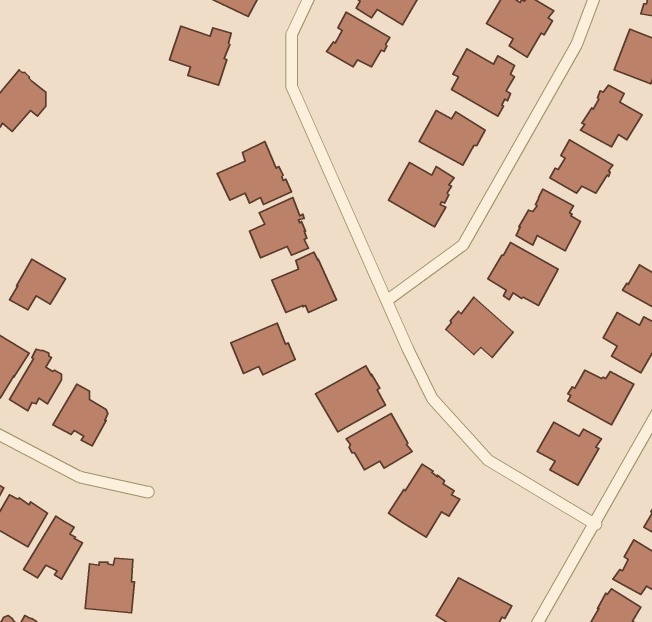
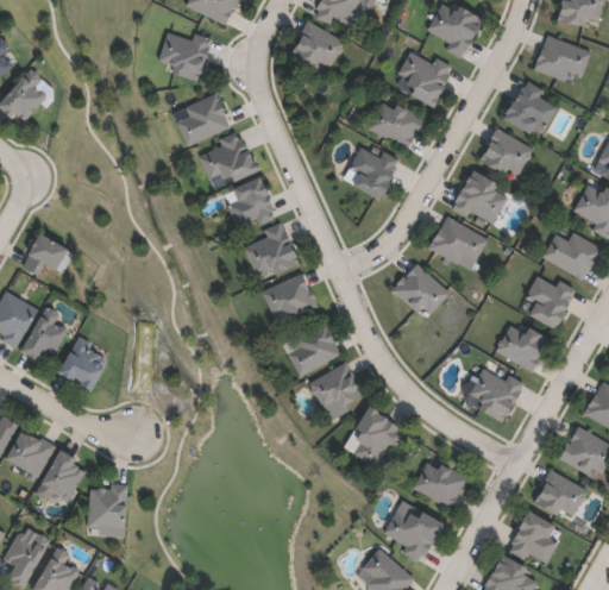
building: none -> [176,93,228,146]
building: [231,323,295,375] -> [262,274,316,318]
building: none -> [412,462,469,508]

